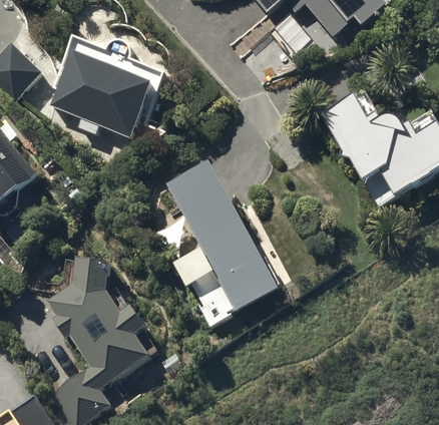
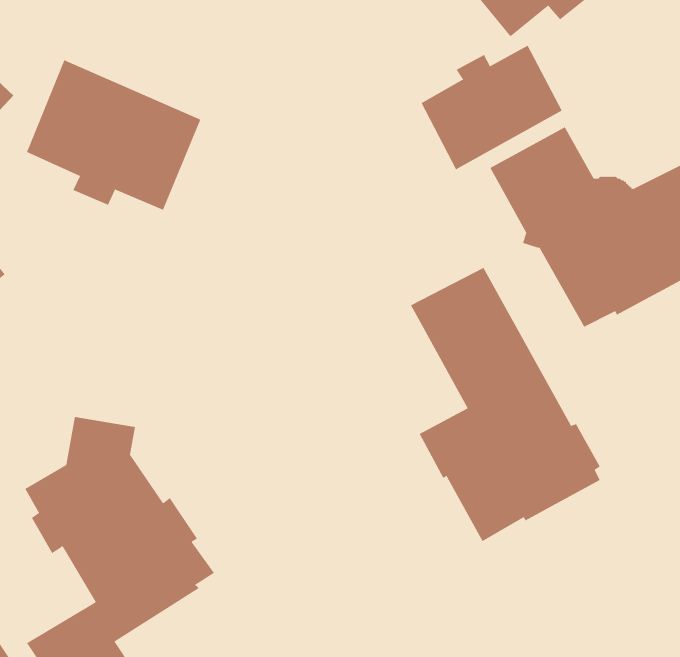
building: none -> [421,45,563,170]
building: [167,165,279,326] -> [410,267,601,542]

